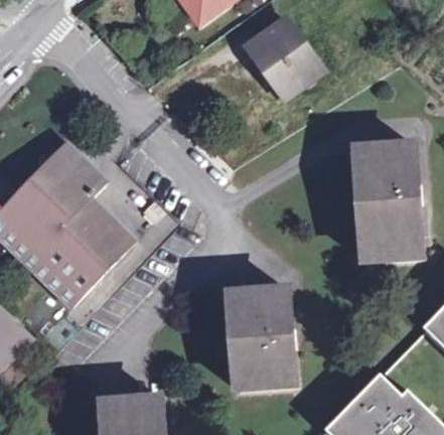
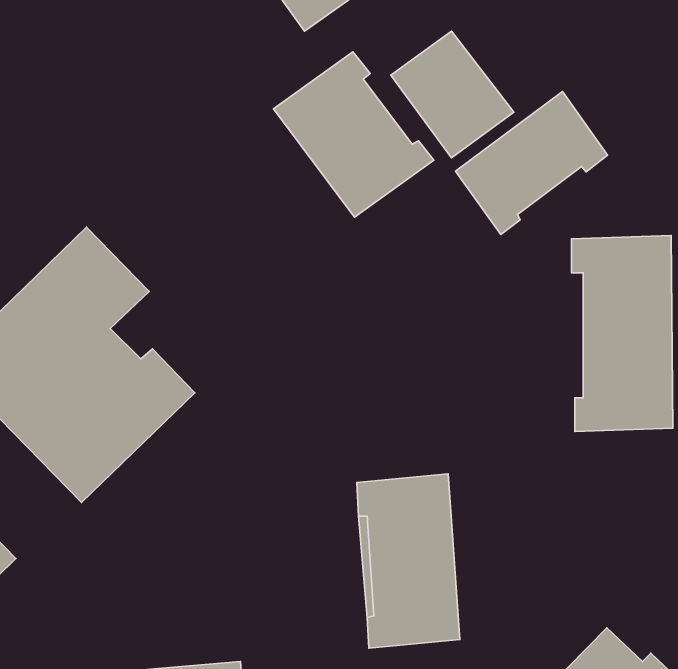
building: none -> [274,52,434,217]
building: none -> [456,92,608,235]

